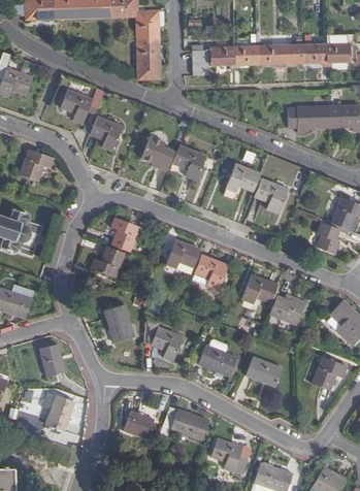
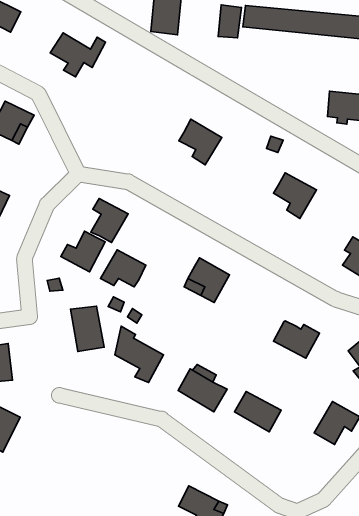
building: [90,116,122,151] -> none
building: [141,136,174,170] -> none
building: [225,163,260,192] -> none
building: [165,239,200,268] -> [100,250,146,287]
building: [242,274,277,303] -> none
building: [160,406,208,440] -> none
building: [124,411,154,438] -> none

